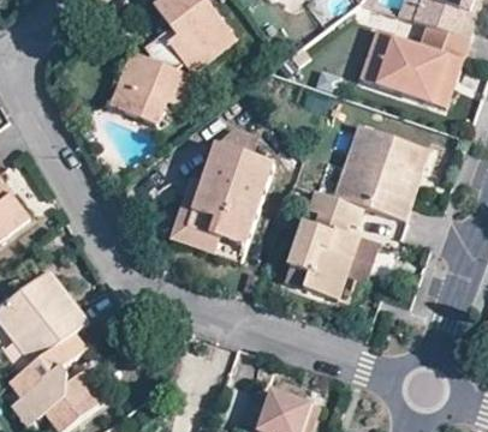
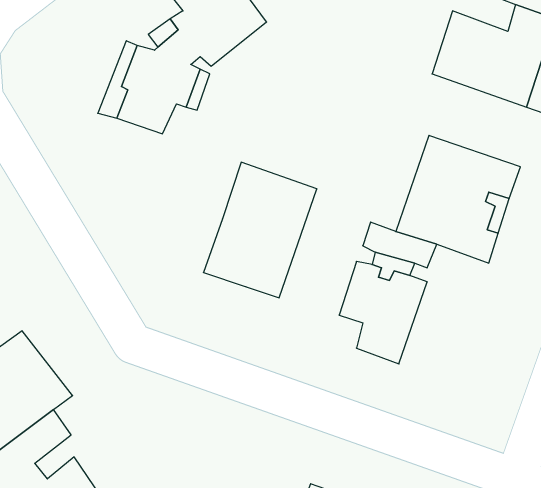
building: [171,184,220,253] -> none

